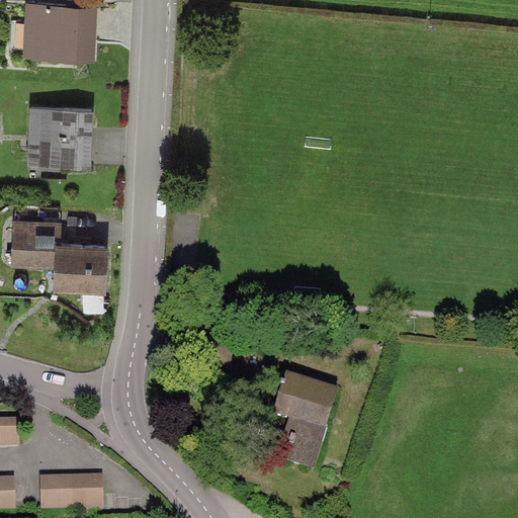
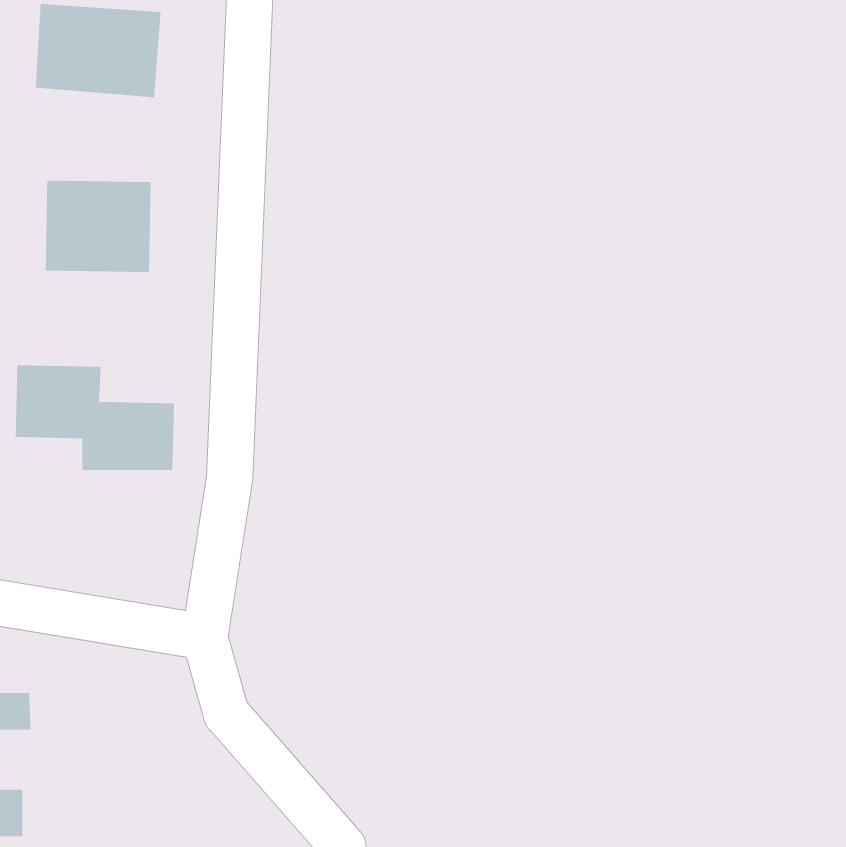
building: [269,379,335,469] -> none
building: [40,478,101,506] -> none

